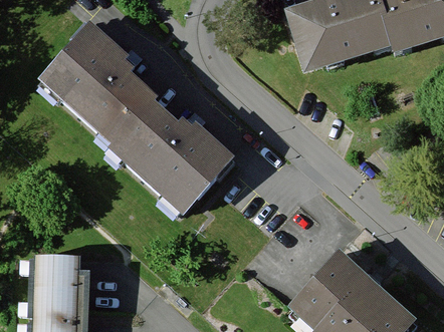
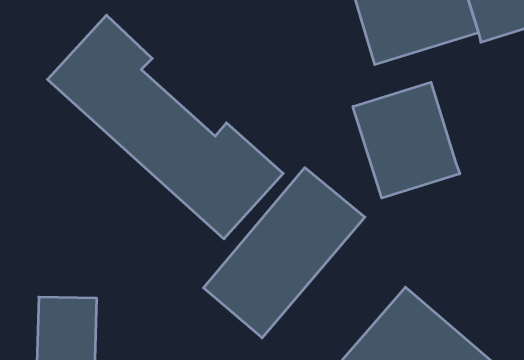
building: none -> [353,82,460,198]
building: none -> [203,168,365,338]

